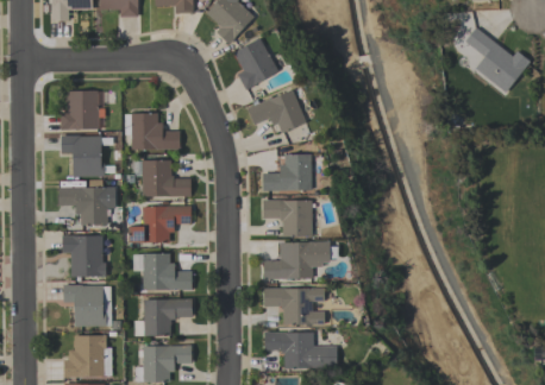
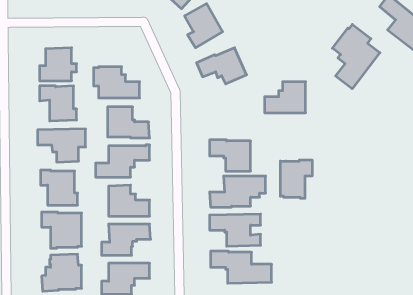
building: none -> [332,24,380,89]
building: [263,154,312,191] -> [265,82,306,113]
building: none -> [280,160,312,198]

